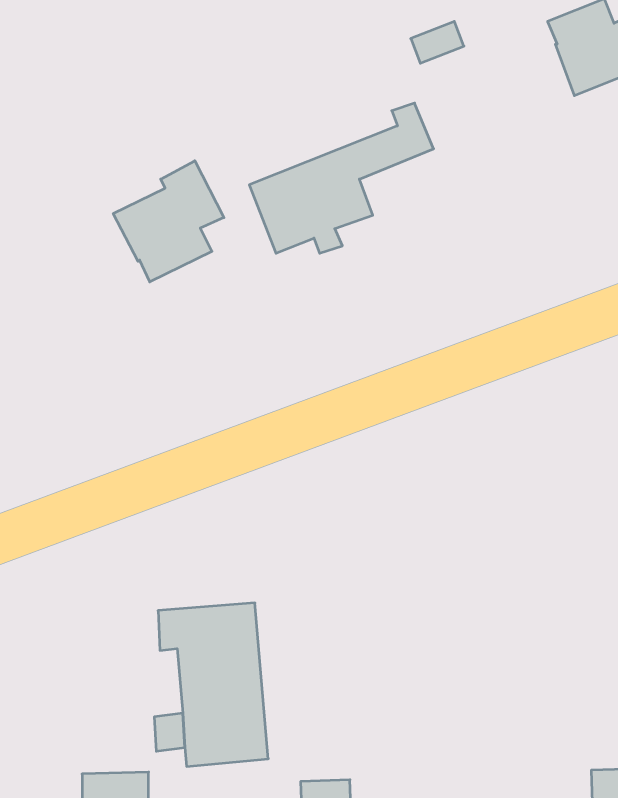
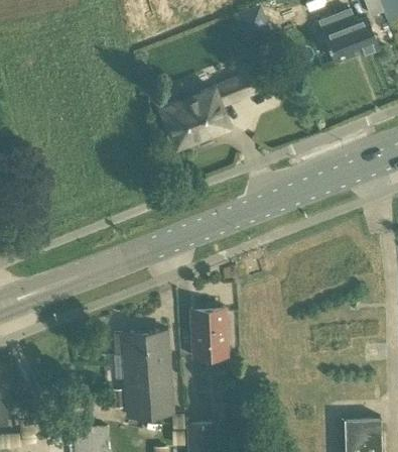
building: [113,161,224,282] -> none
building: none -> [190,308,228,357]

